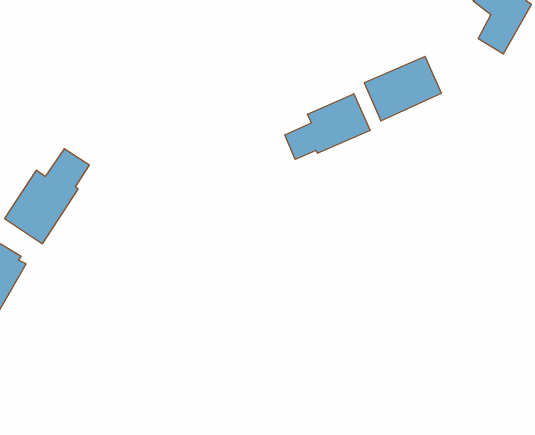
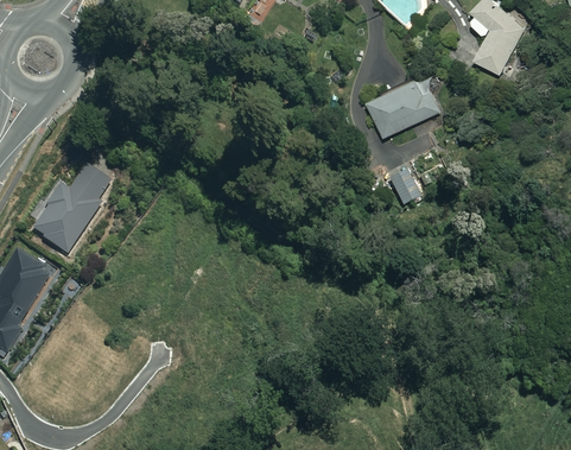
building: [285,94,370,159] -> none
building: none -> [388,170,420,204]

